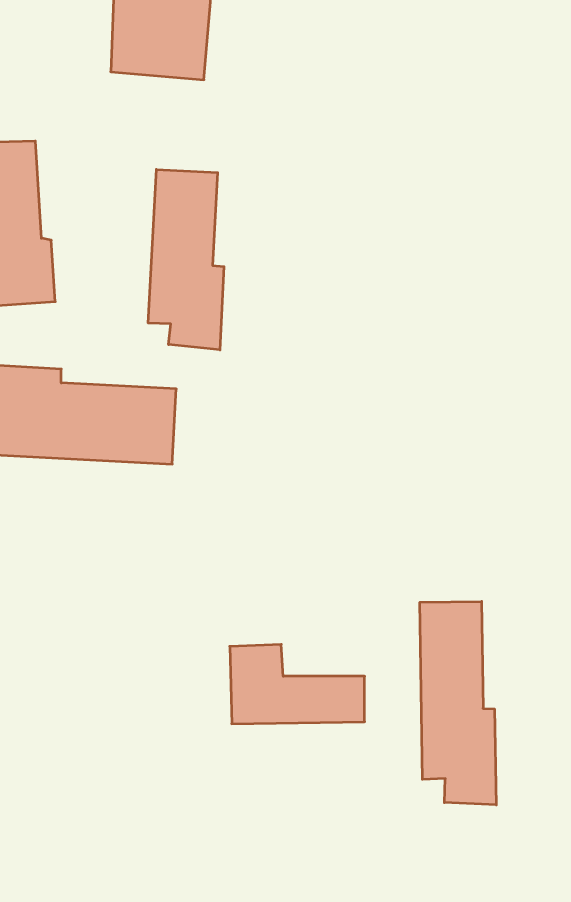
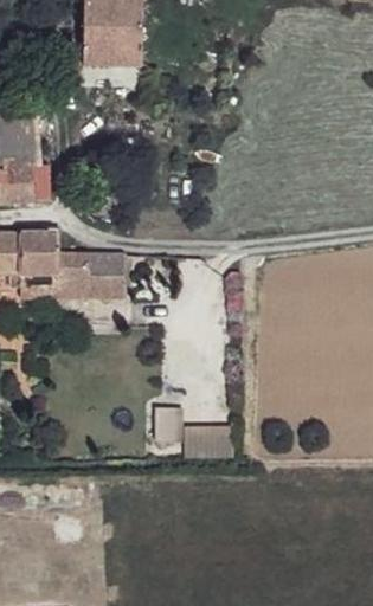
building: [148,169,224,350] -> none
building: [420,601,496,805] -> none

